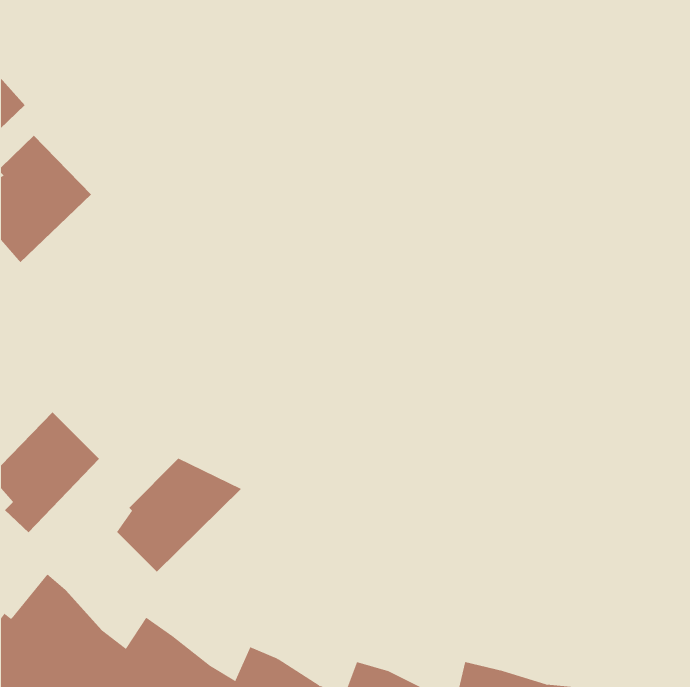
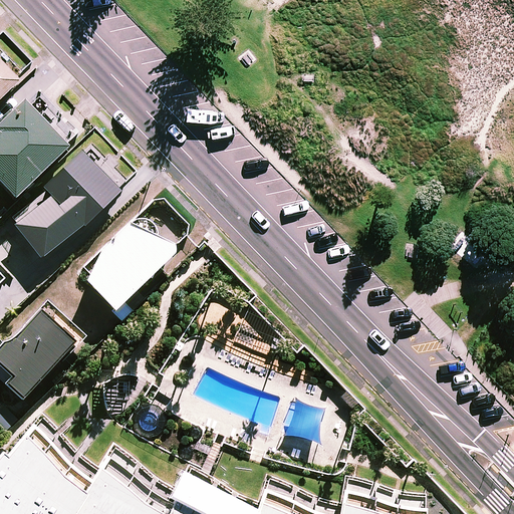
building: none -> [16,152,121,258]
building: [116,458,242,572] -> [85,224,179,309]

